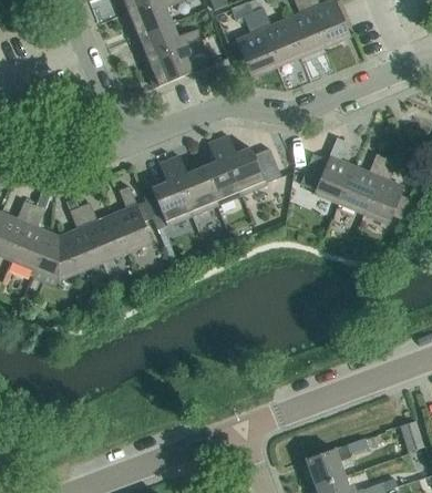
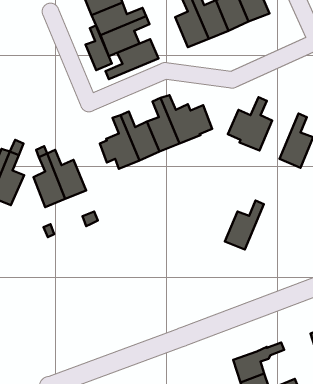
building: none -> [85,25,112,70]
building: none -> [106,39,158,79]
building: [339,153,387,213] -> [225,200,264,250]
building: [112,185,153,251] -> none
building: [33,233,78,285] -> none

